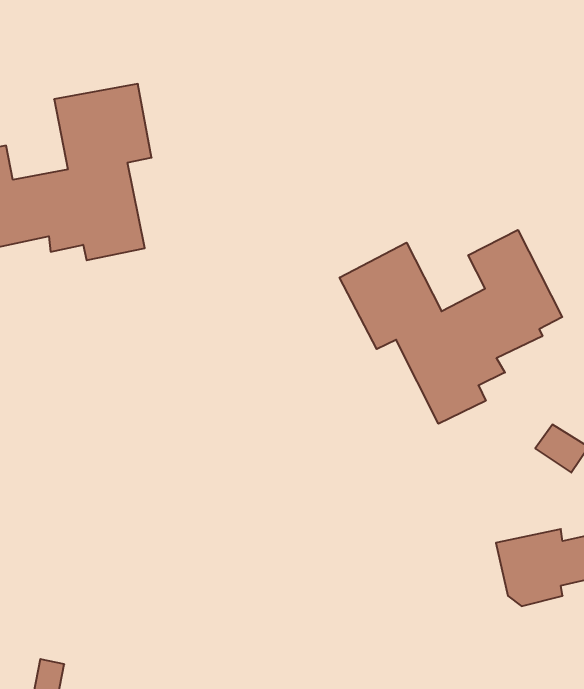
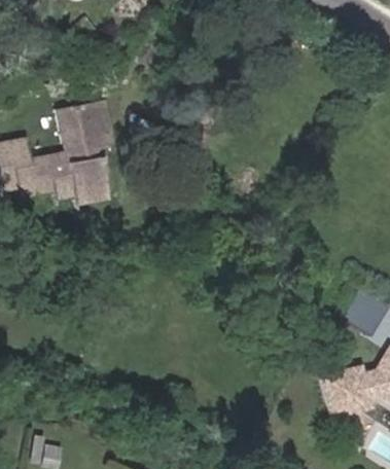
building: [340,230,562,424] -> none

